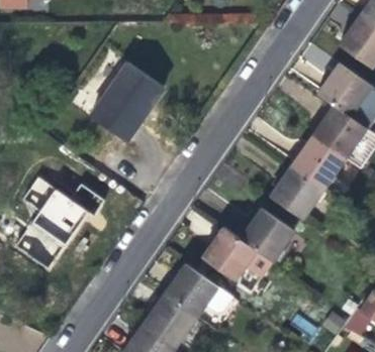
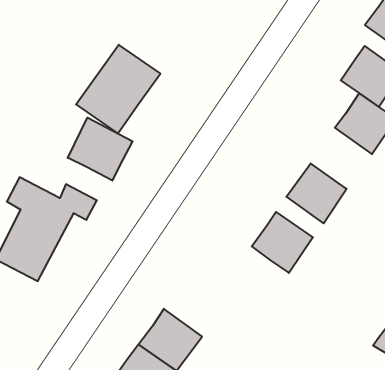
building: none -> [68,118,133,181]
building: [291,135,345,189] -> none
building: [201,227,272,290] -> none
building: [163,264,217,318] -> none

